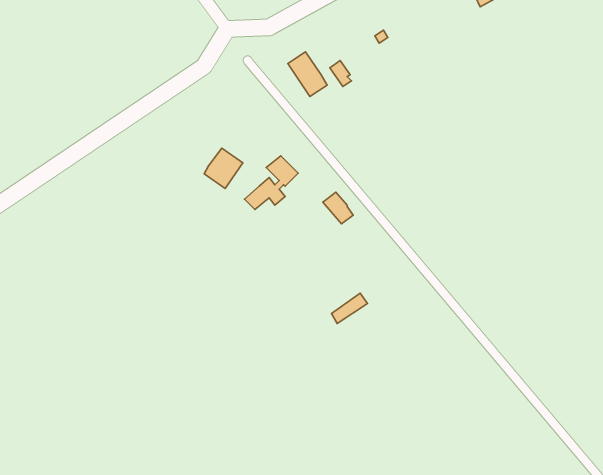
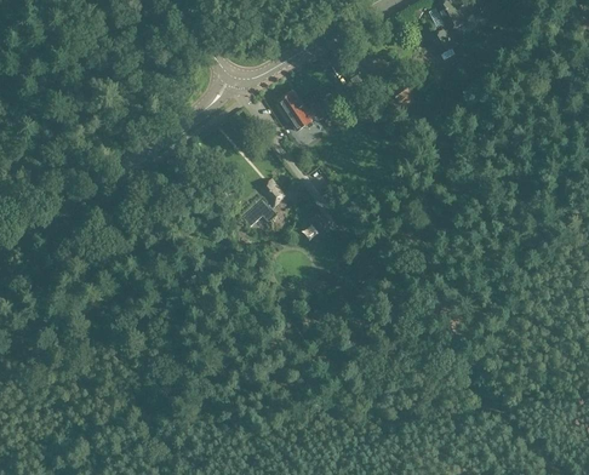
building: [204,148,243,188] -> none

